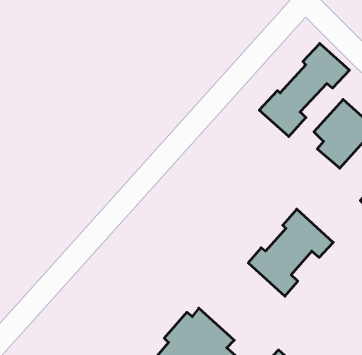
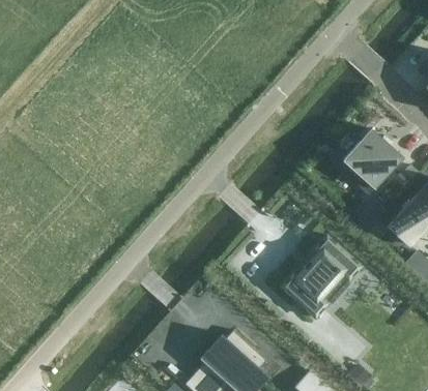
building: [259,43,349,137] -> none

